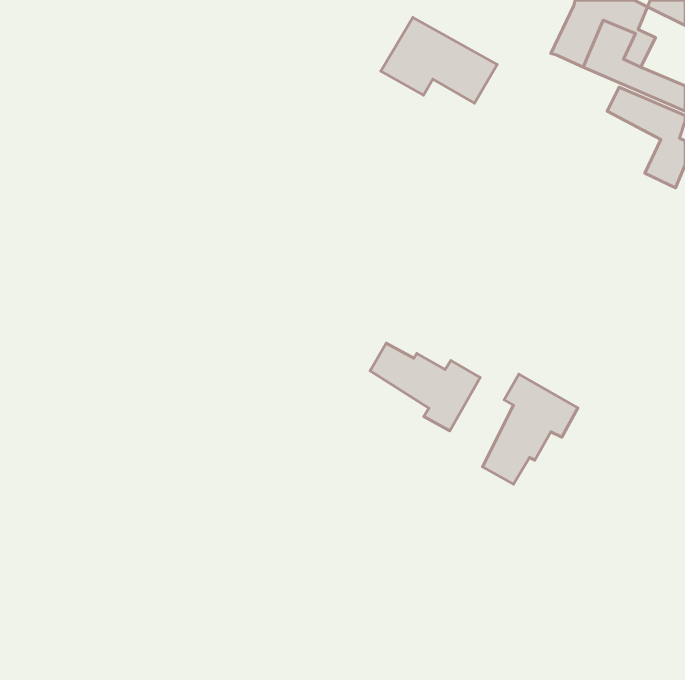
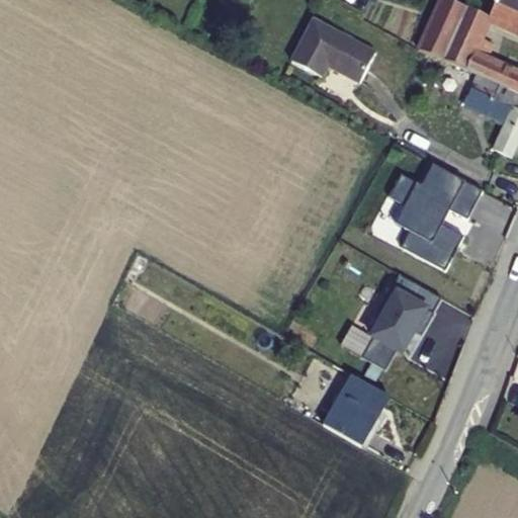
building: none -> [390,161,483,268]
building: [370,343,480,431] -> none
building: none -> [332,375,396,446]

